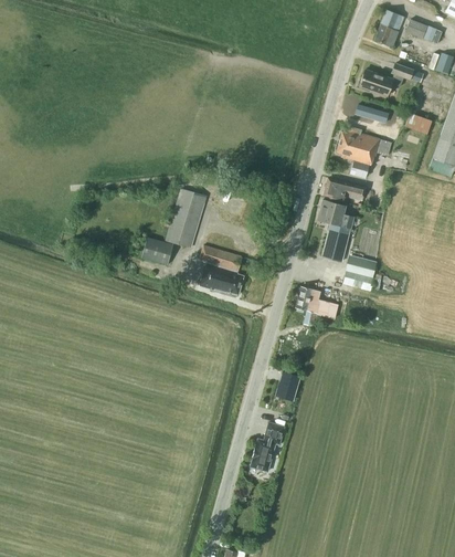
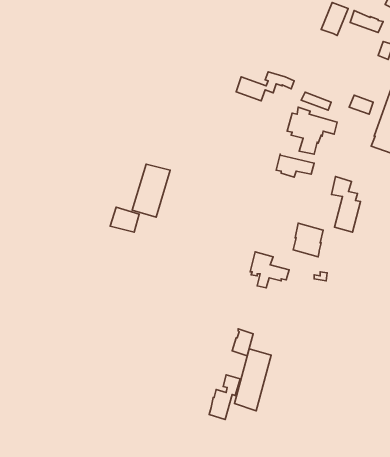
building: [360,64,424,96] -> [236,72,294,101]
building: [319,200,351,262] -> [332,176,361,232]
building: [199,245,244,295] -> none
building: none -> [235,349,271,411]

